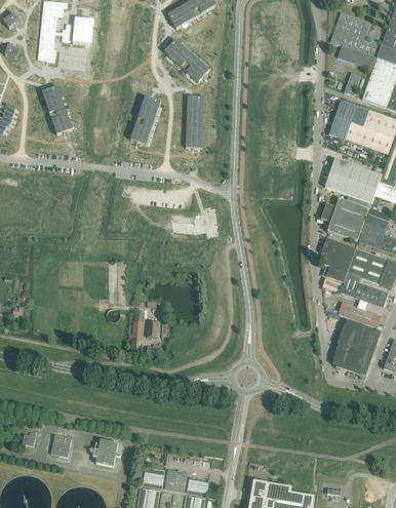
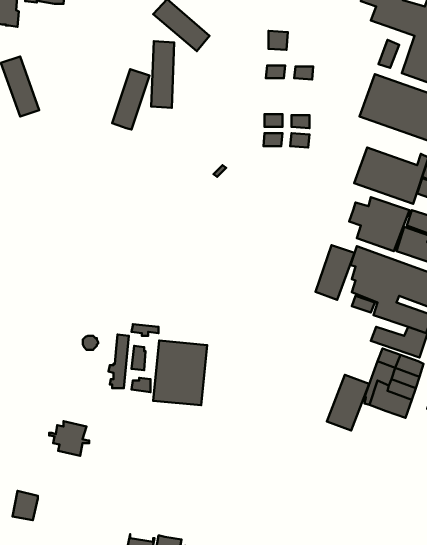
building: [185,94,203,148] -> [151,41,174,108]
building: none -> [315,245,355,300]
building: none -> [153,341,207,405]
building: none -> [327,375,369,431]
building: [88,438,120,466] -> [49,421,89,456]

